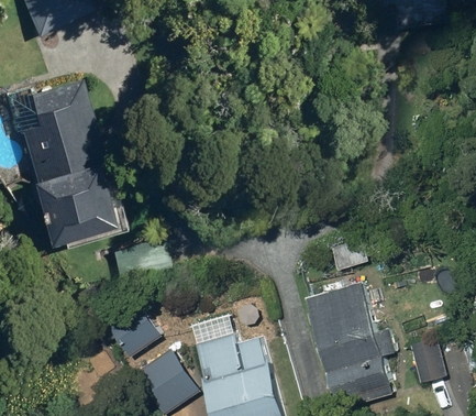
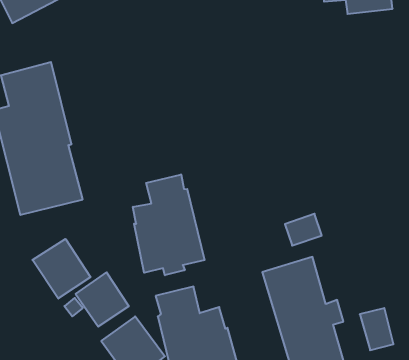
building: none -> [133,174,205,275]
building: none -> [32,239,90,299]

